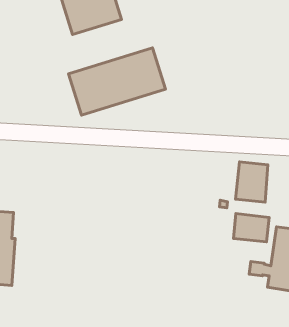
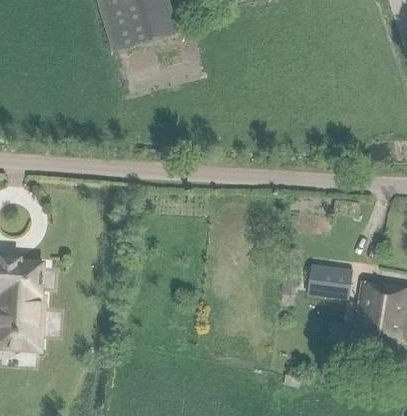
building: [69,48,166,115] -> none
building: [236,162,268,202] -> none

